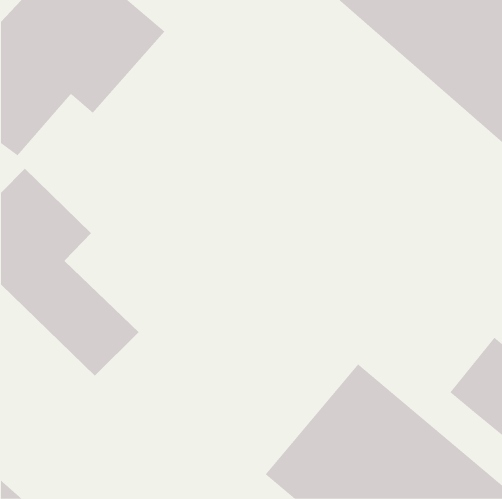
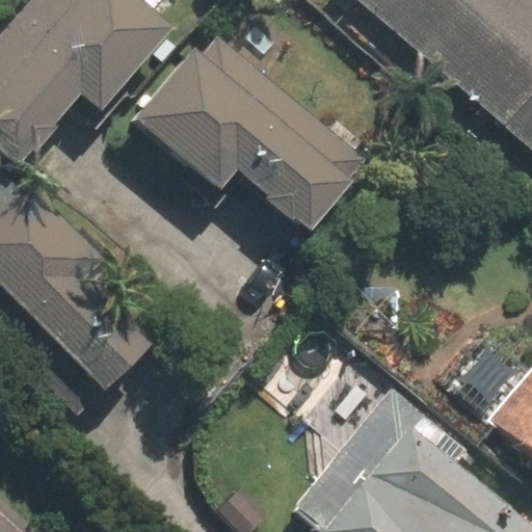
building: none -> [127,44,375,243]

